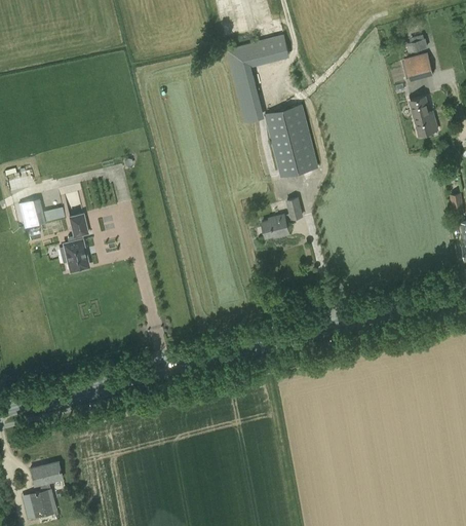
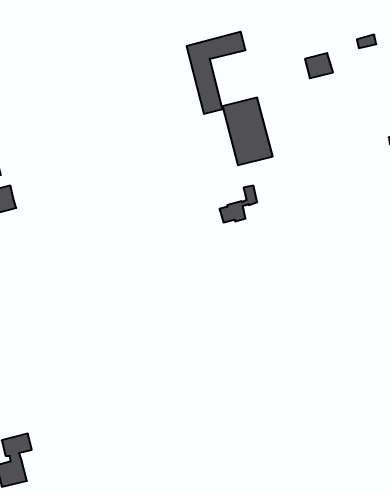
building: [403,53,433,80] -> [305,53,333,78]
building: [411,100,437,138] -> none
building: [62,213,88,270] -> none

